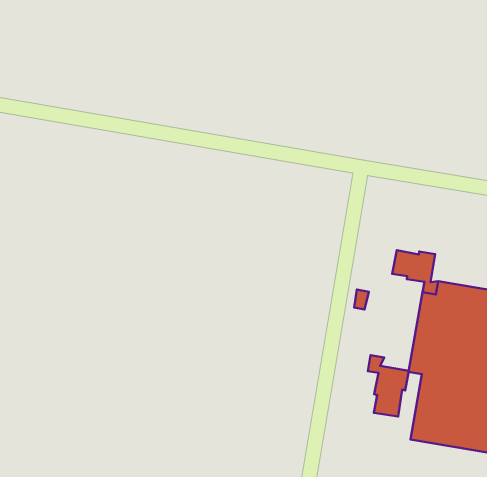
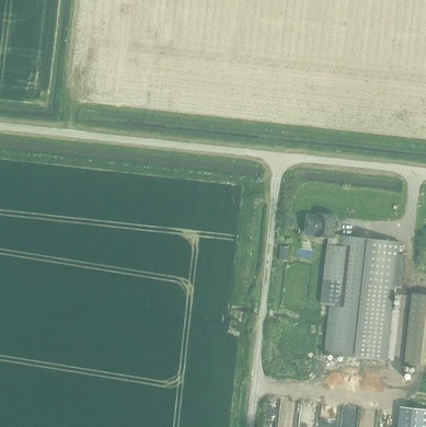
building: [368,355,409,417] -> none

